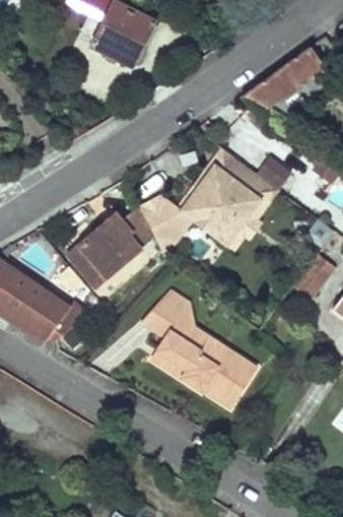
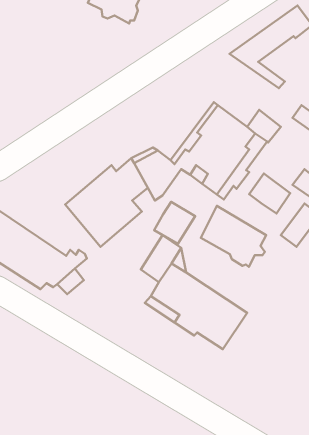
building: none -> [249,174,290,213]
building: none -> [154,202,195,244]
building: none -> [201,206,266,267]

